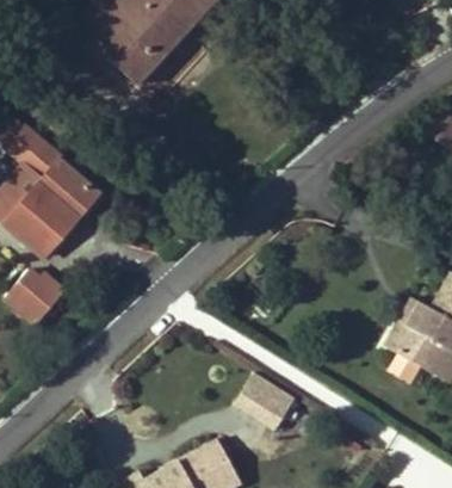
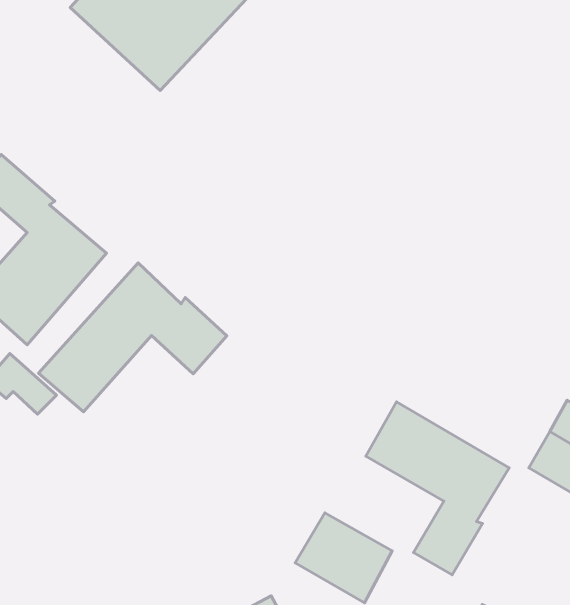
building: none -> [39,263,227,412]
building: none -> [366,402,509,575]

